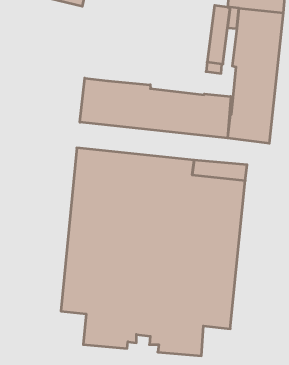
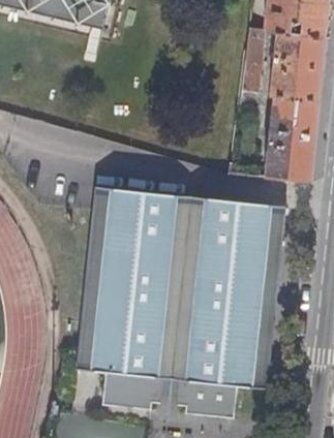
building: [80,78,231,138] -> none

